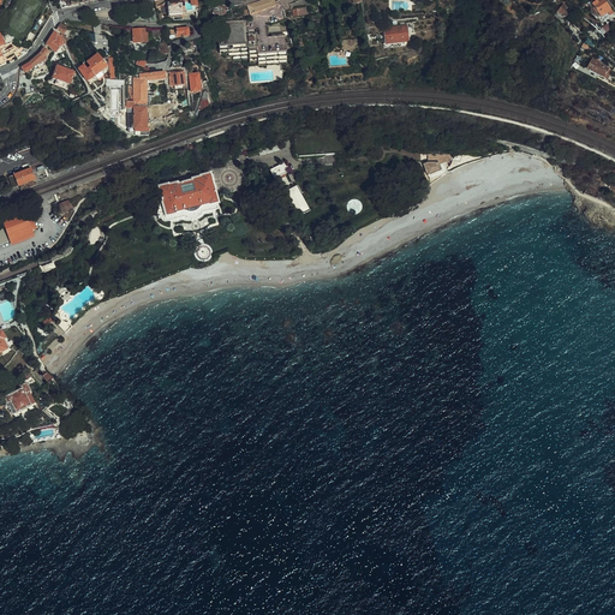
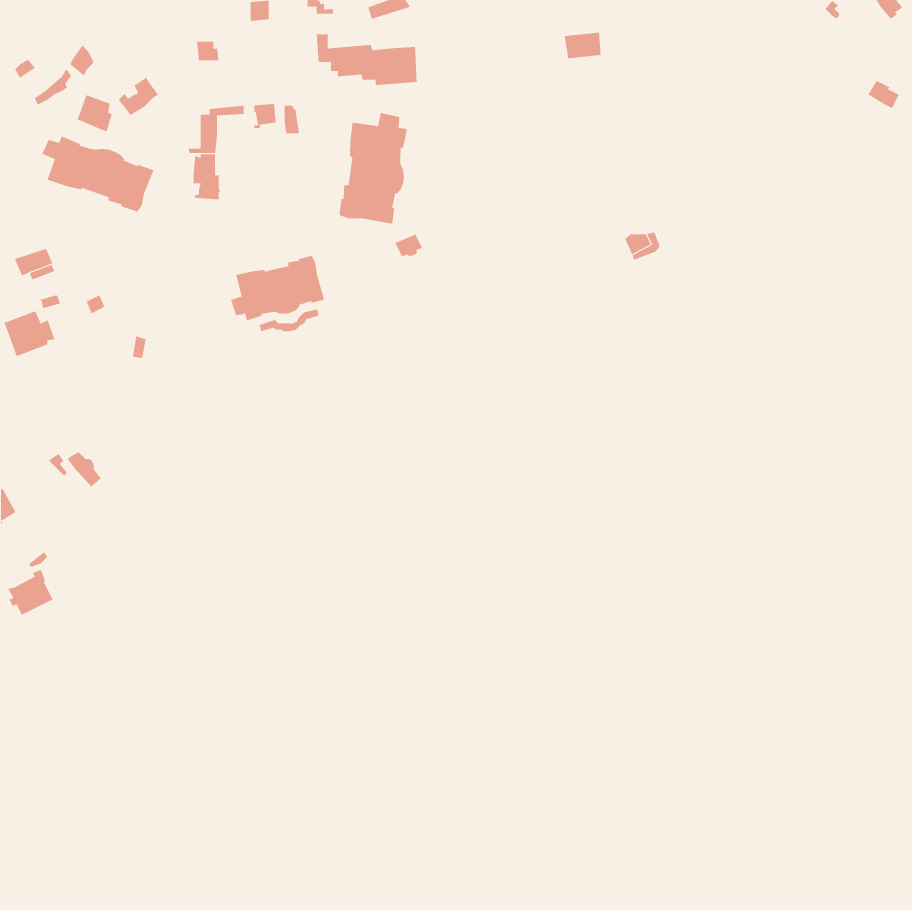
building: none -> [339,112,408,224]
building: none -> [41,135,154,213]

